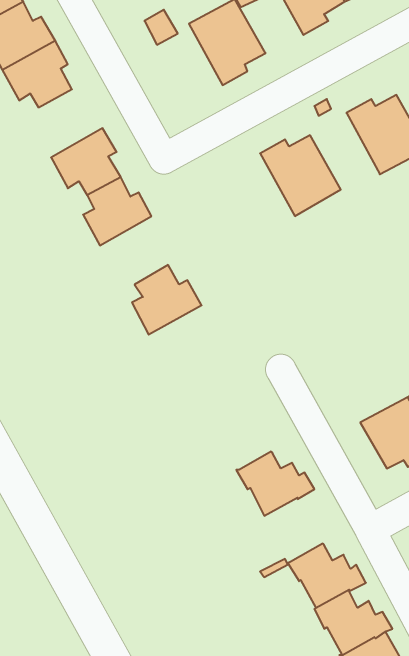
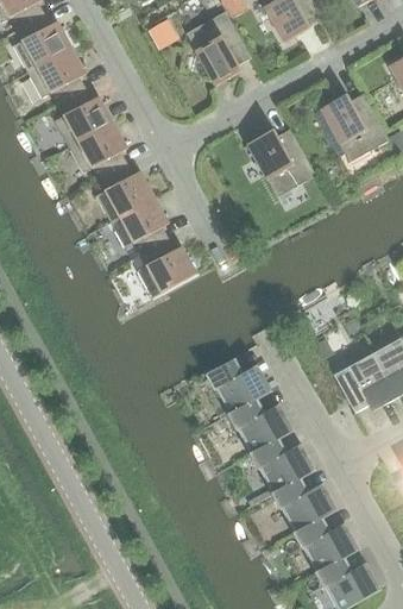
building: none -> [55,88,113,146]
building: none -> [111,196,169,255]
building: none -> [206,357,272,413]
building: none -> [250,437,316,491]

